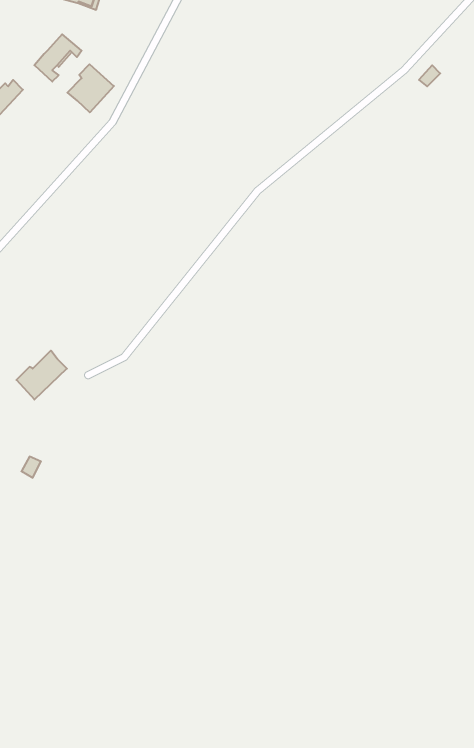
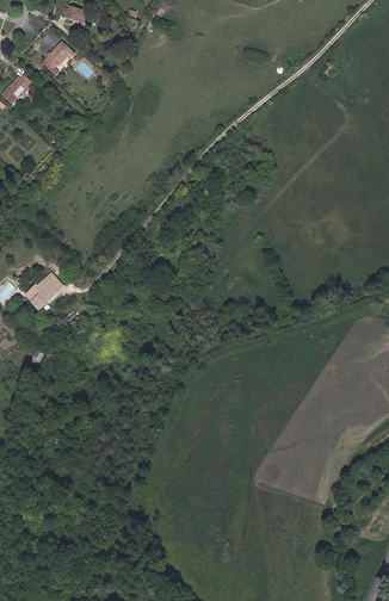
building: [67,64,114,112] -> none

